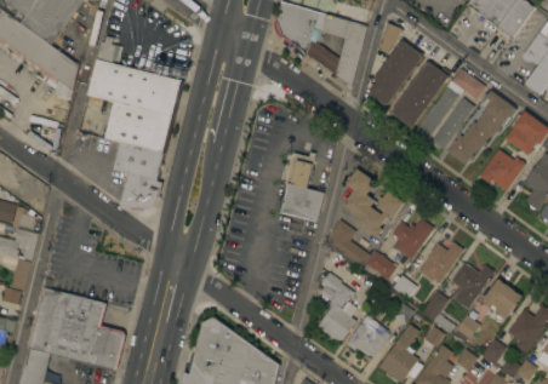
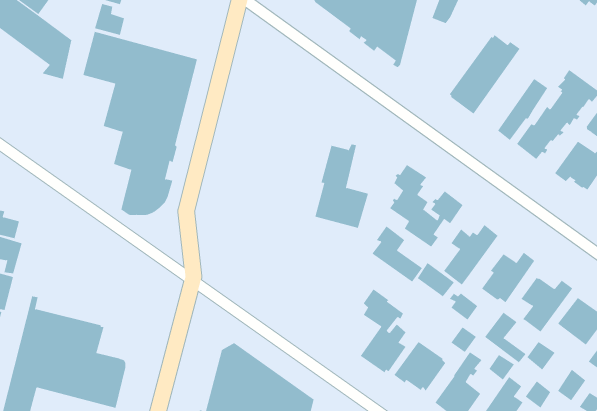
building: [369,39,422,105] -> none
building: [416,68,485,138] -> none

